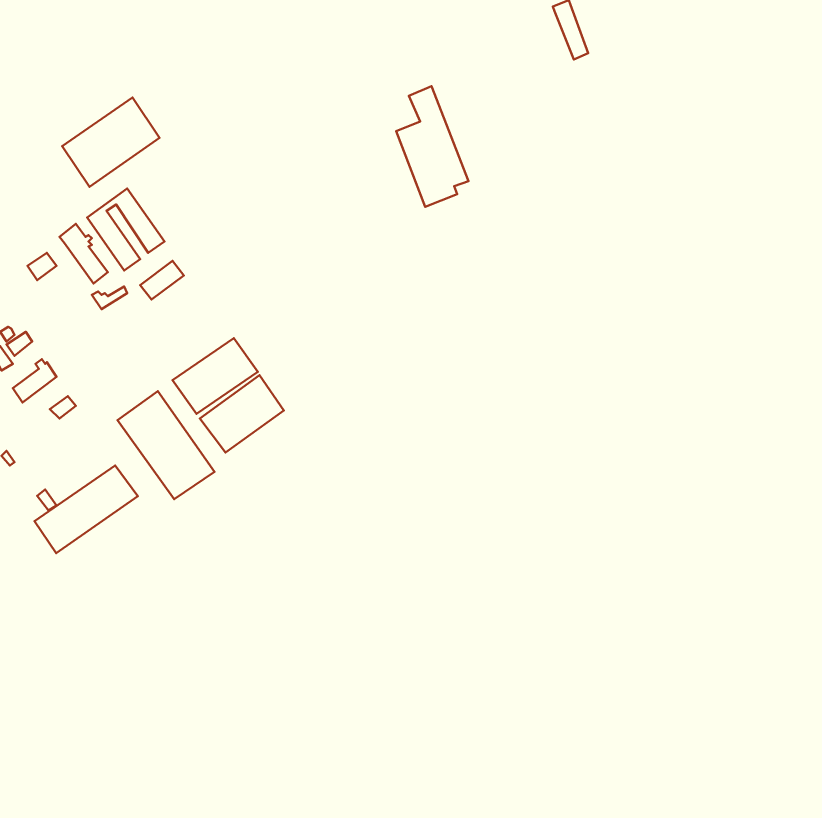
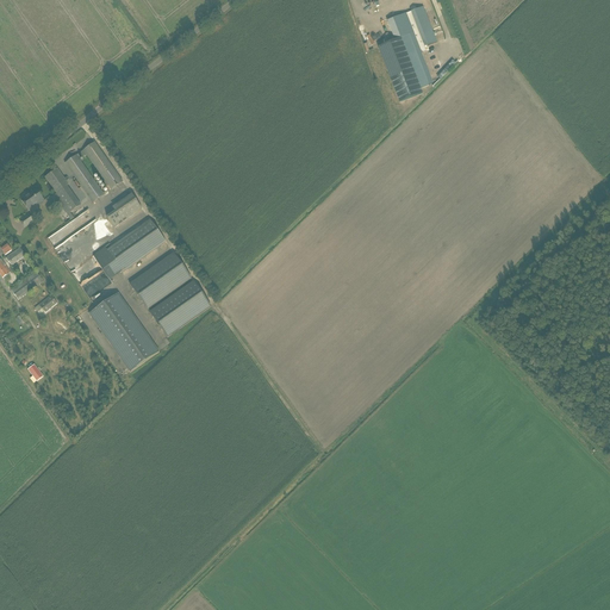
building: [396,86,469,207] -> [376,11,430,100]
building: [62,97,159,187] -> none
building: none -> [93,217,164,278]
building: [35,466,138,553] -> none

